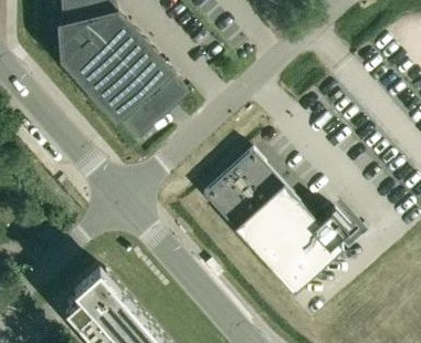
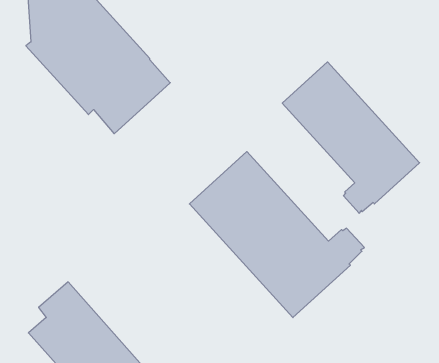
building: none -> [282,62,420,213]

